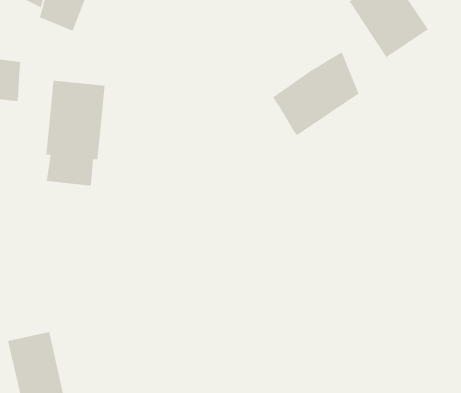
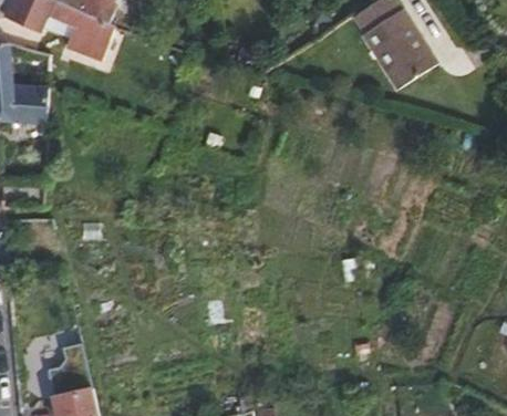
building: [272,51,360,136] -> none
building: [45,80,106,186] -> none

